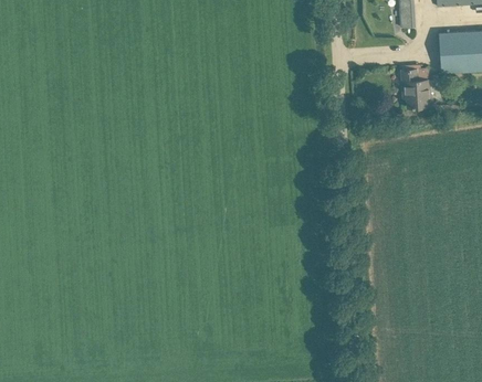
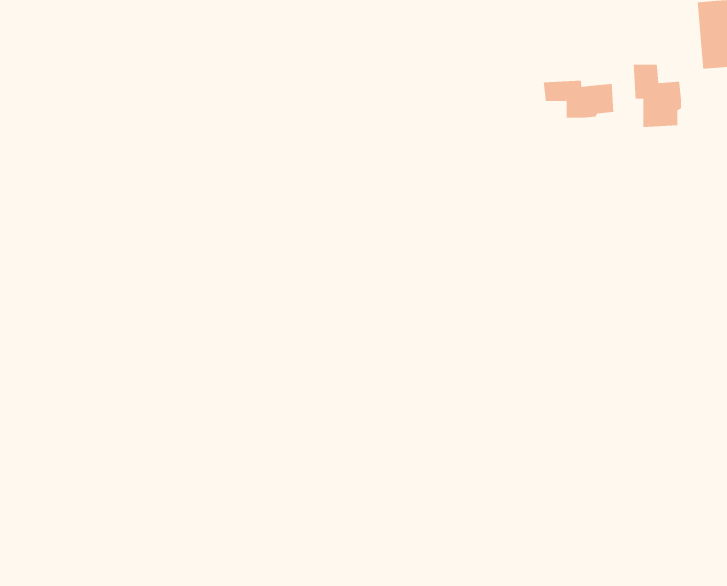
building: none -> [543,80,614,119]

